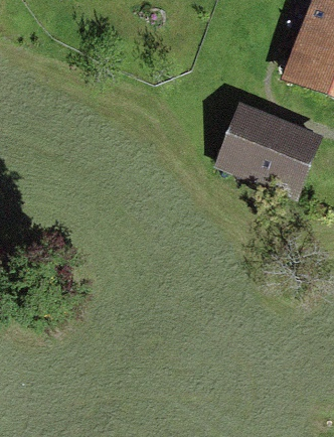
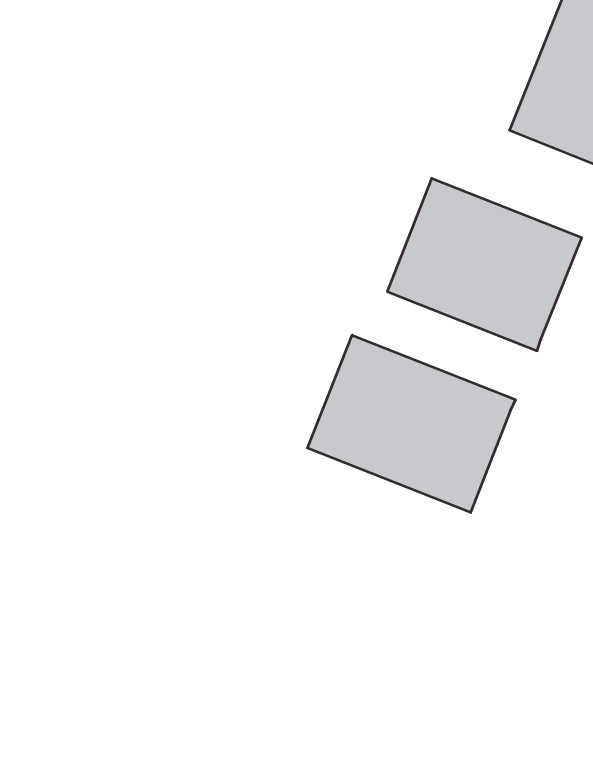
building: none -> [307,335,515,513]

